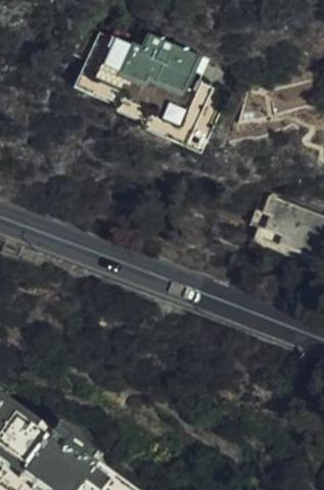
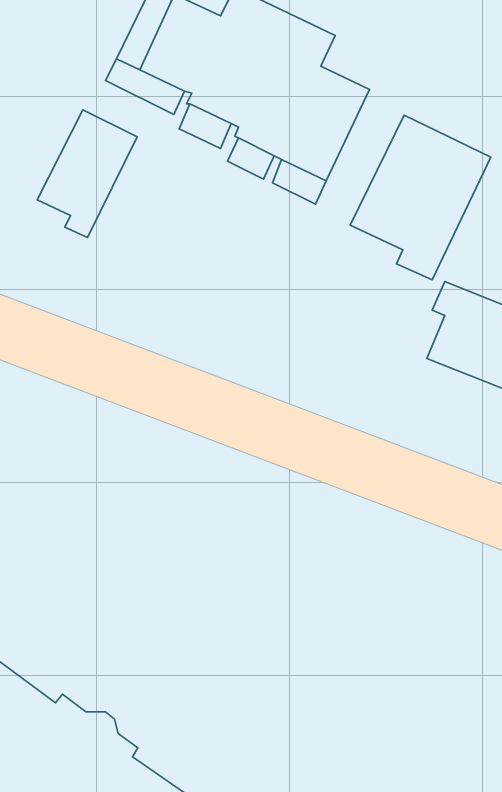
building: none -> [37,110,137,237]
building: none -> [350,115,491,280]

